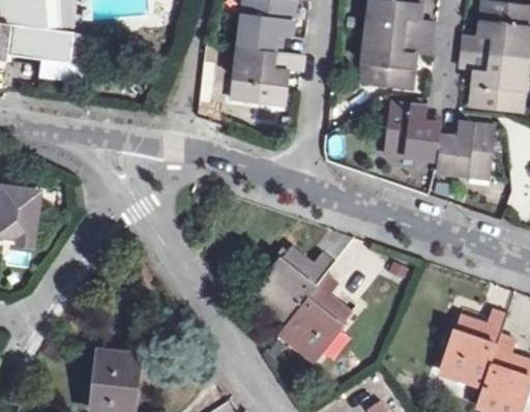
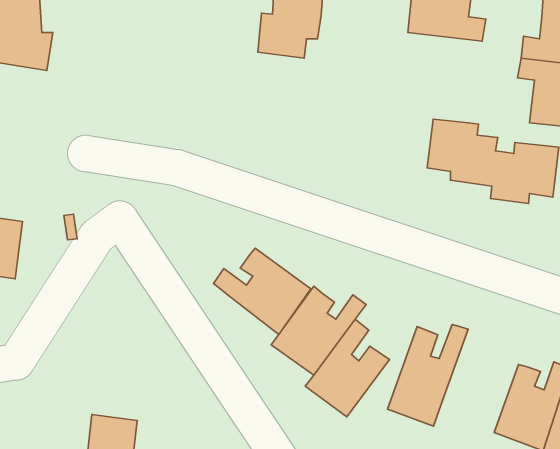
building: [364,31,431,90] -> none
building: [236,48,303,107] -> none
building: none -> [213,248,311,334]
building: none -> [387,324,468,426]

